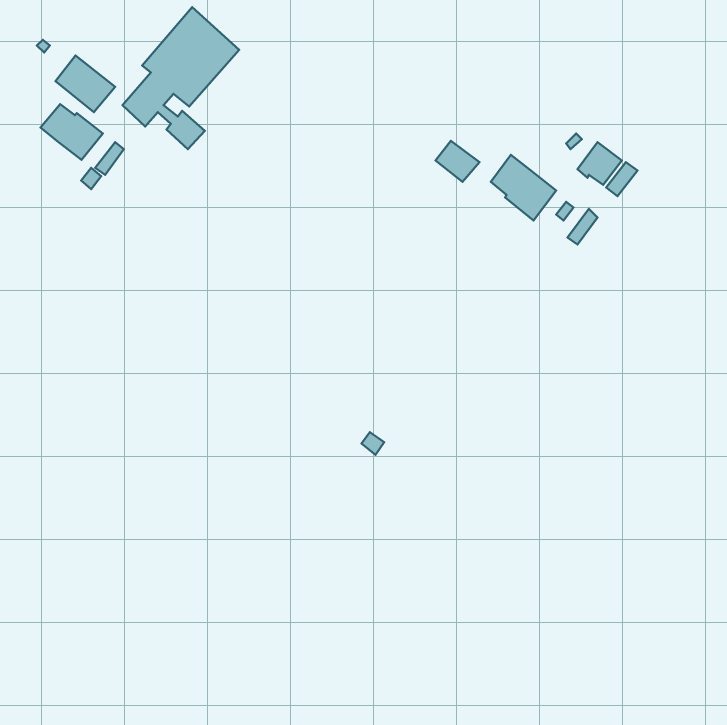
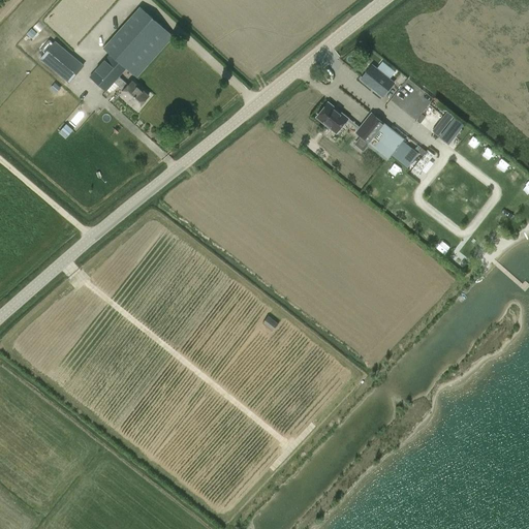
building: none -> [359,71,387,99]
building: [40,104,103,160] -> none

